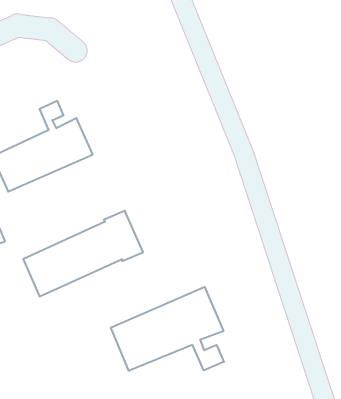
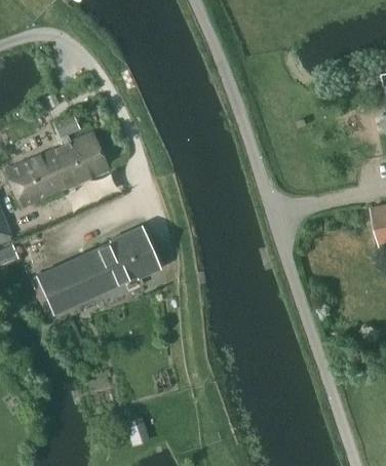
building: [111,287,224,371] -> none

